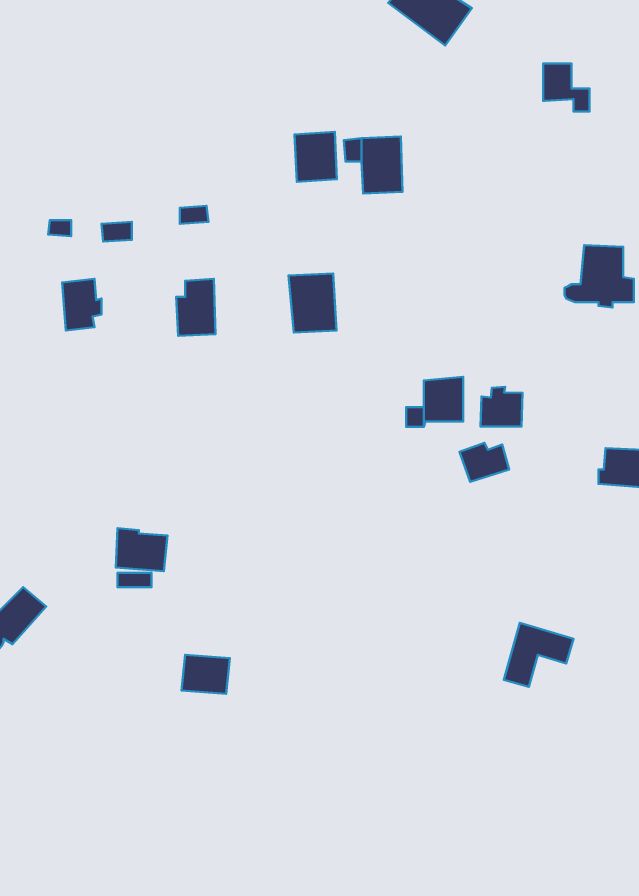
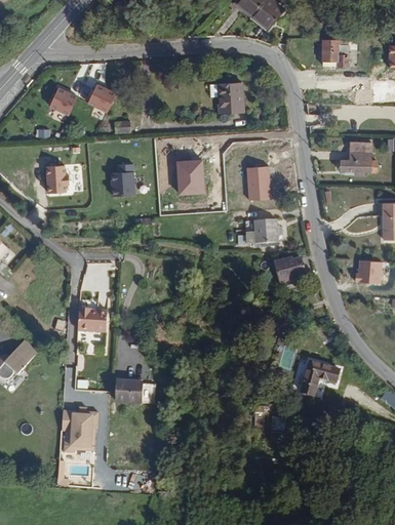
building: [295,132,337,182] -> none
building: none -> [88,84,115,111]
building: none -> [49,86,77,114]
building: none -> [246,165,270,199]
building: [480,387,522,427] -> none
building: none -> [61,410,97,453]

